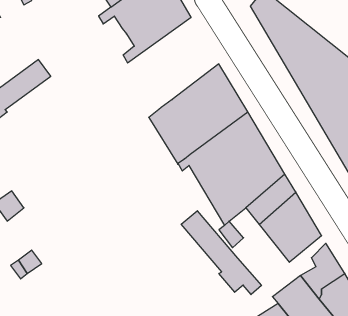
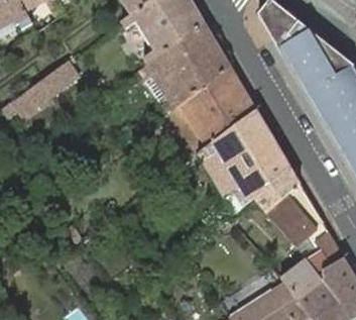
building: none -> [142,22,230,106]
building: [181,211,261,295] -> none

